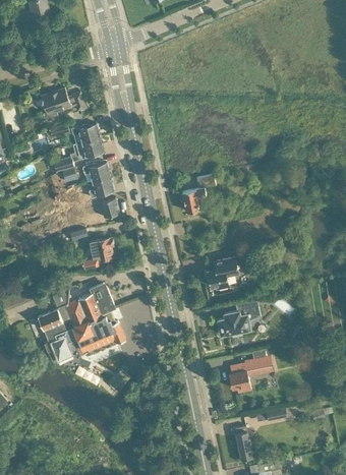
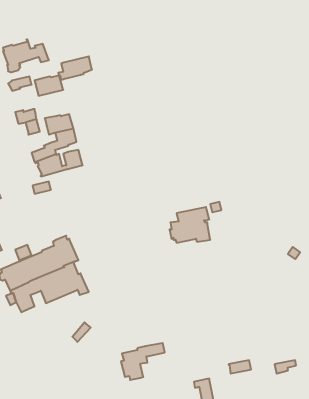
building: [69,137,103,161] -> [58,56,92,80]
building: [182,174,215,212] -> none
building: [83,237,113,266] -> none
building: [217,297,261,335] -> none
building: [228,355,272,392] -> [121,343,165,380]

